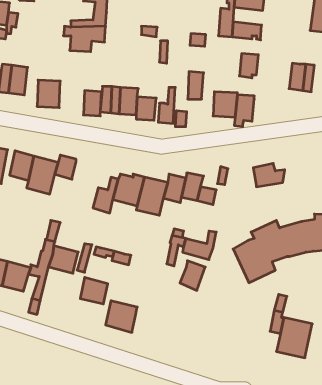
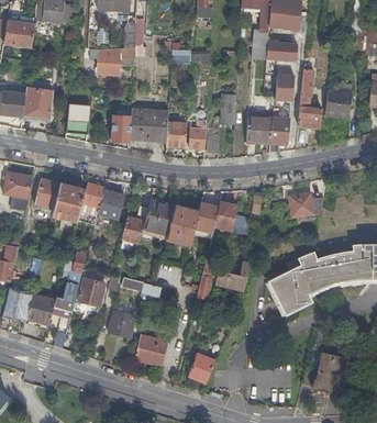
building: none -> [297,69,321,127]
building: none -> [97,189,123,218]
building: [180,261,205,290] -> [188,353,214,383]

